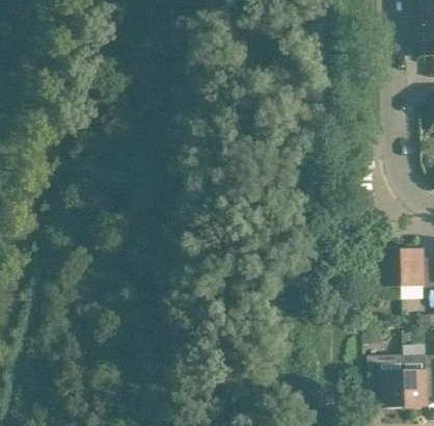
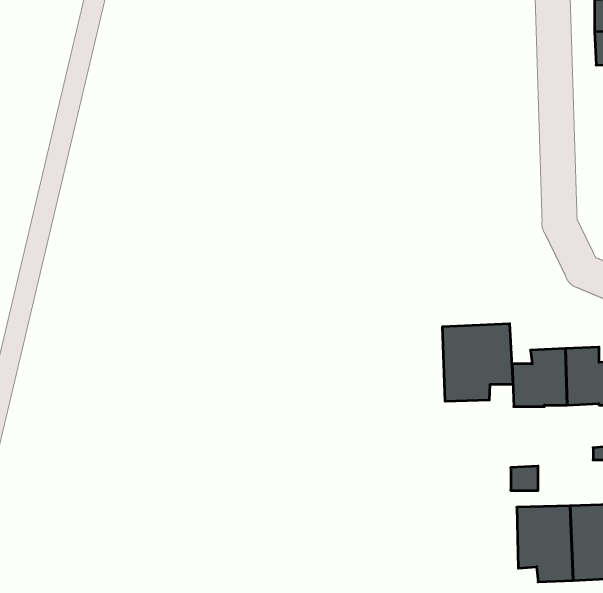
building: none -> [443,324,513,401]

